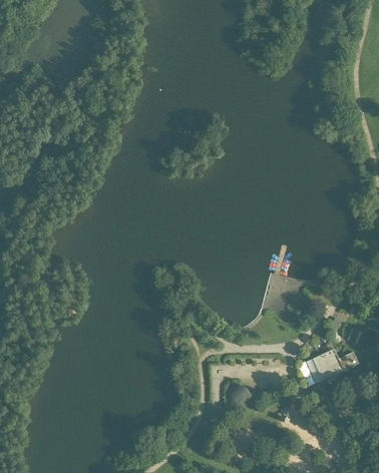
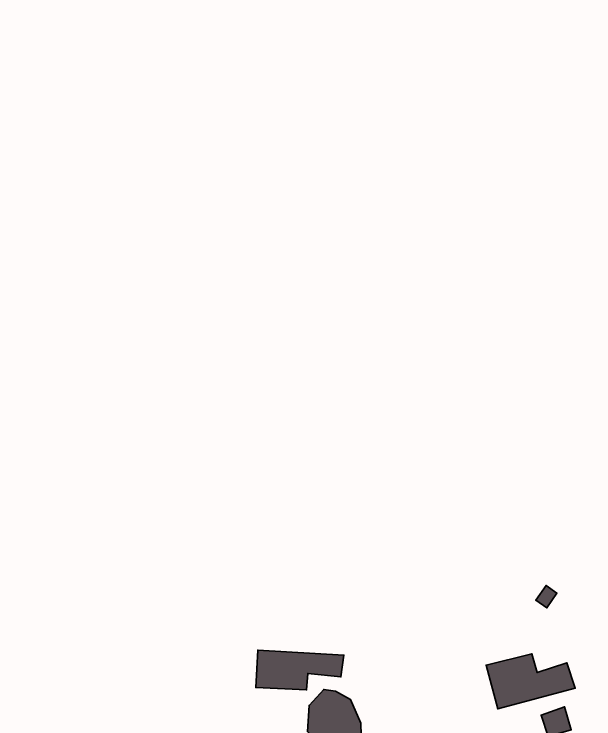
building: none -> [256,650,344,690]

